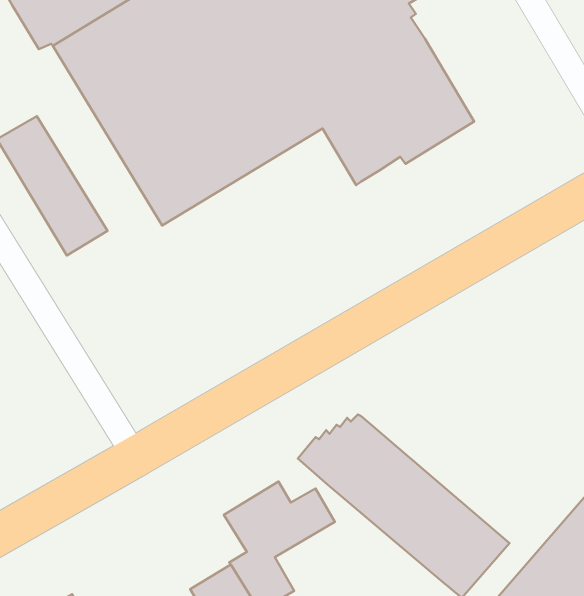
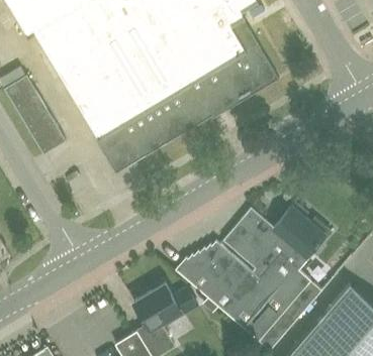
building: none -> [96,83,210,173]
building: none -> [212,207,332,320]

